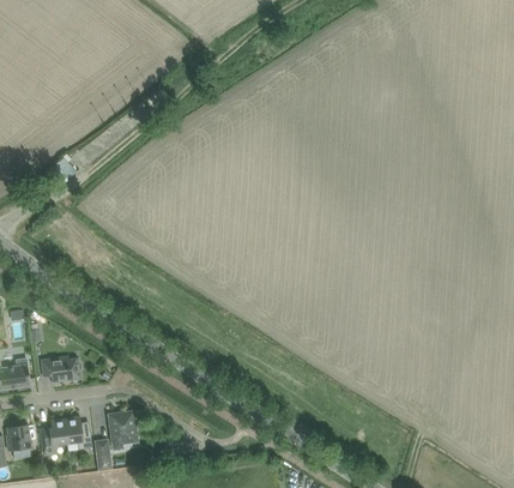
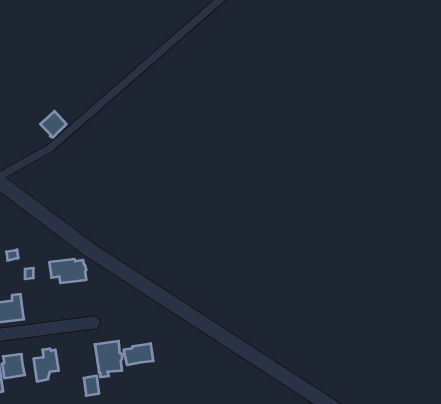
building: [41,356,81,382] -> [49,259,86,283]
building: none -> [124,343,153,365]
building: [65,416,92,450] -> none

